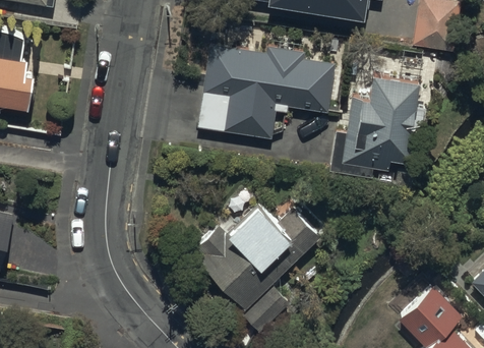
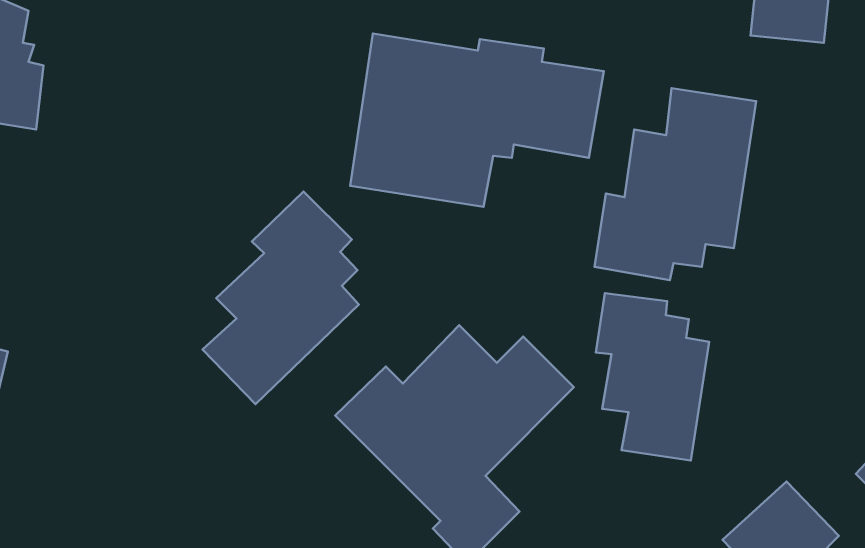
building: none -> [203,192,359,404]
building: none -> [596,293,709,461]

